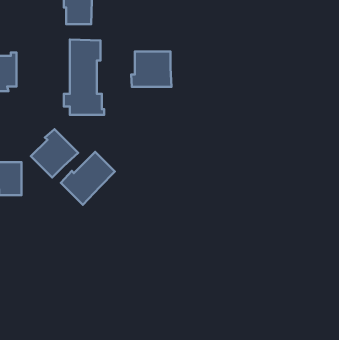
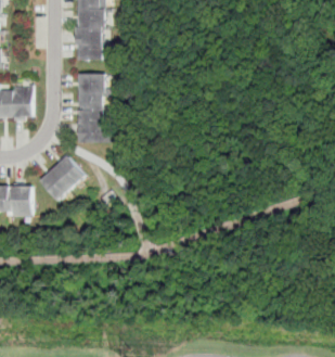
building: [131,52,171,87] -> none
building: [61,152,115,205] -> none

